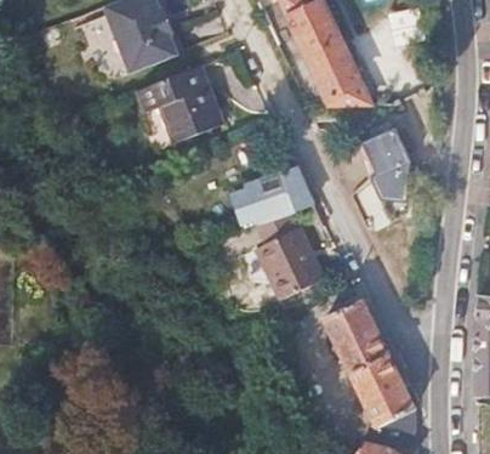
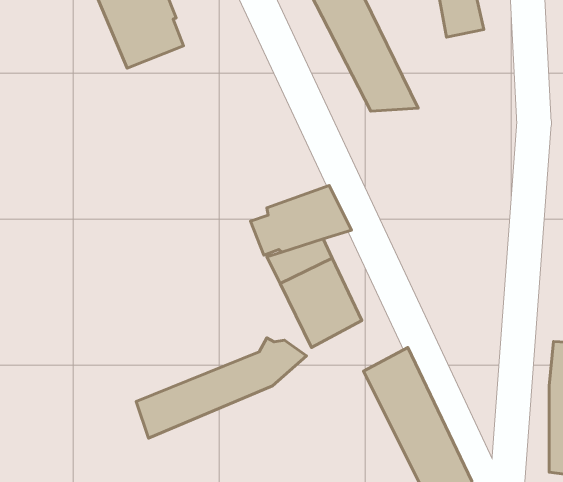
building: [138,64,223,140] -> none
building: [357,127,406,223] -> none
building: none -> [136,338,306,438]

